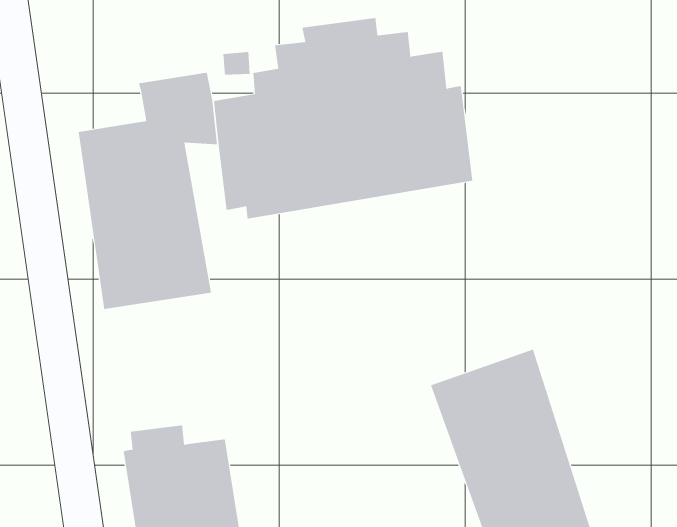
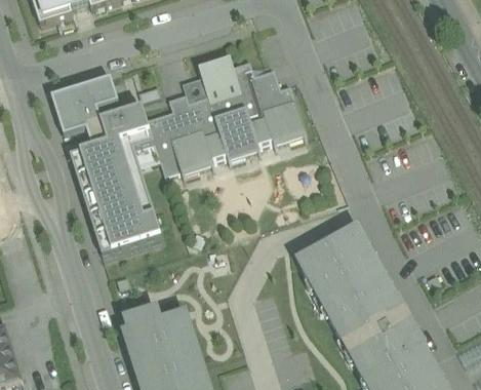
building: none -> [48,71,116,127]

